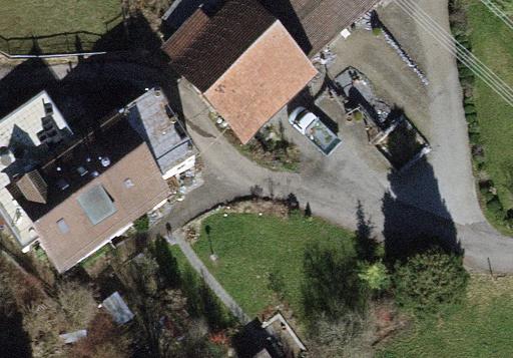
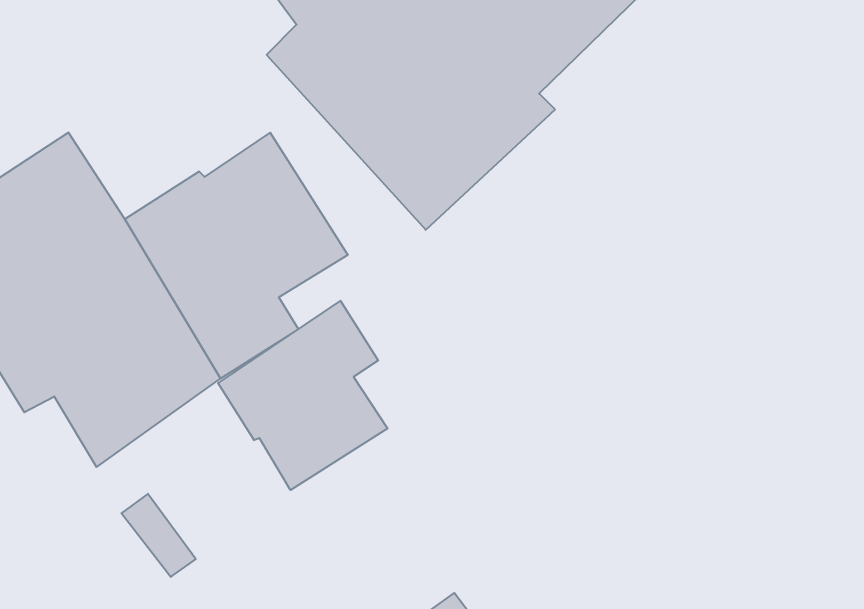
building: none -> [218,301,388,490]

